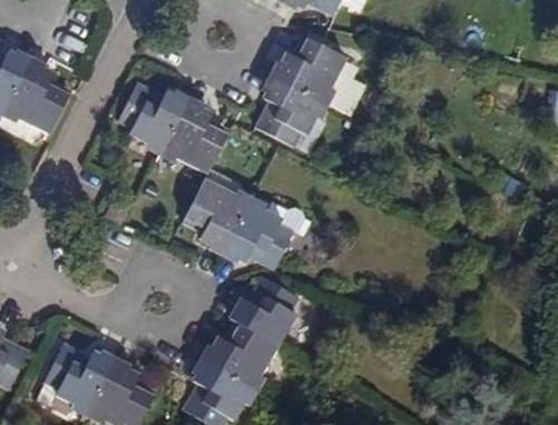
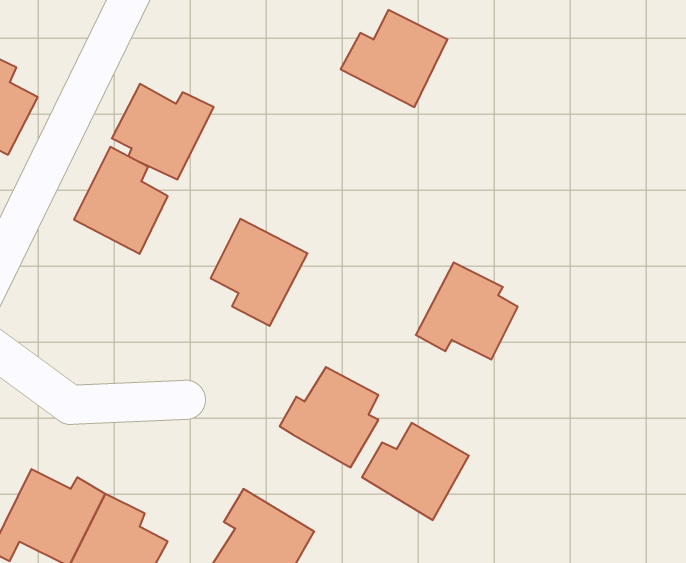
building: [256,75,322,146] -> none
building: [161,100,225,172] -> [74,147,168,254]
building: [224,199,293,265] -> [416,262,518,360]
building: [206,322,278,387] -> [362,423,469,520]

